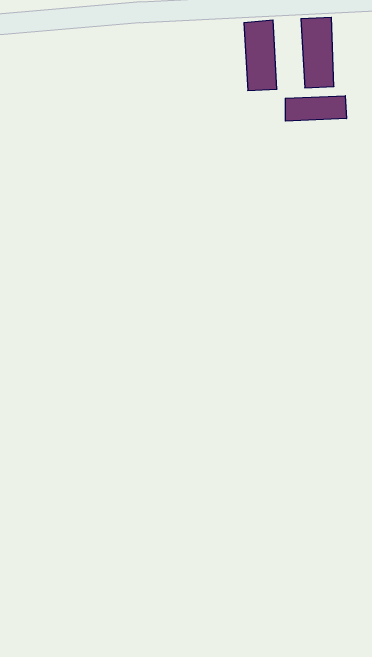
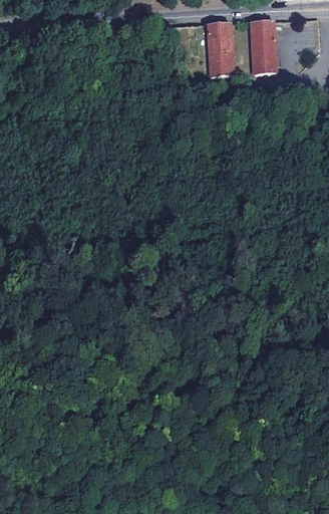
building: [285,96,346,121] -> none

